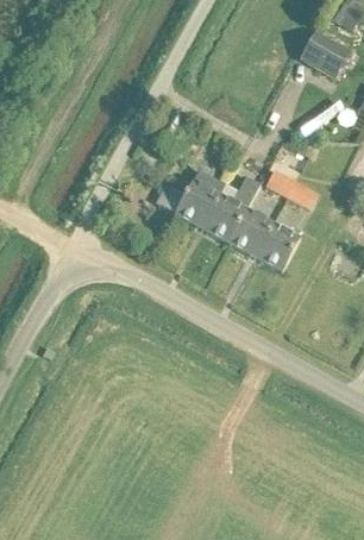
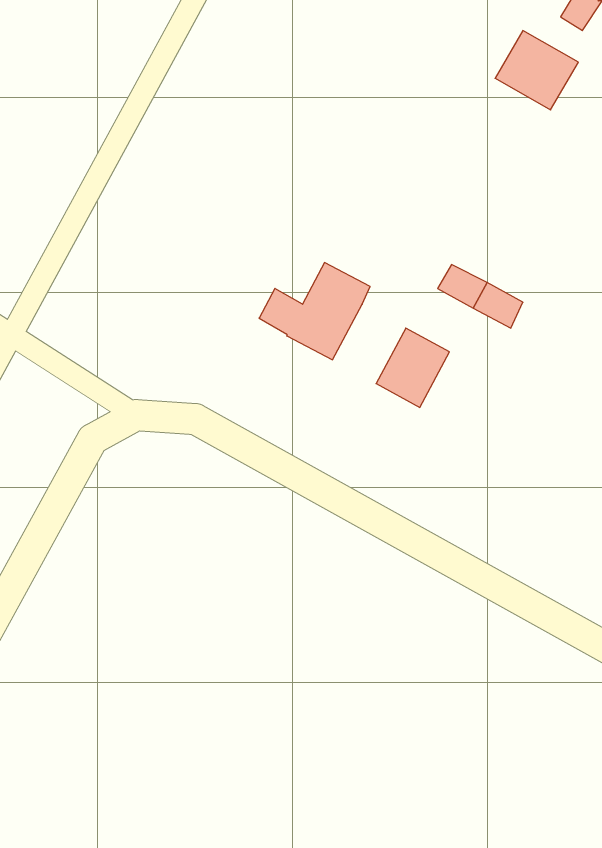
building: [201,175,258,241] -> none
building: [253,222,300,271] -> none

